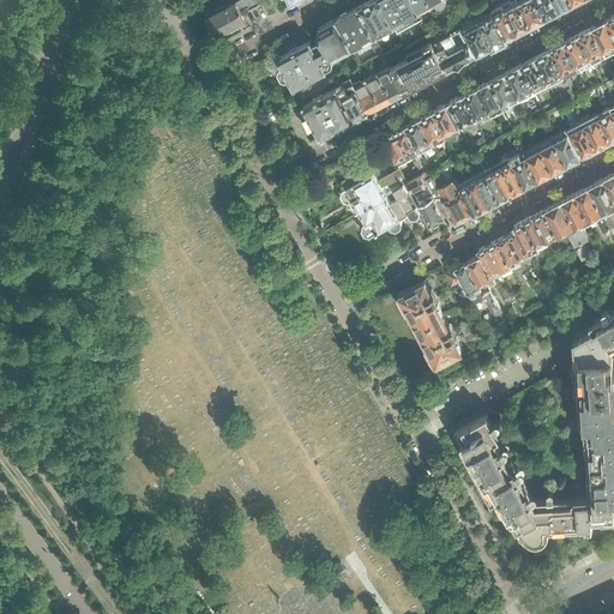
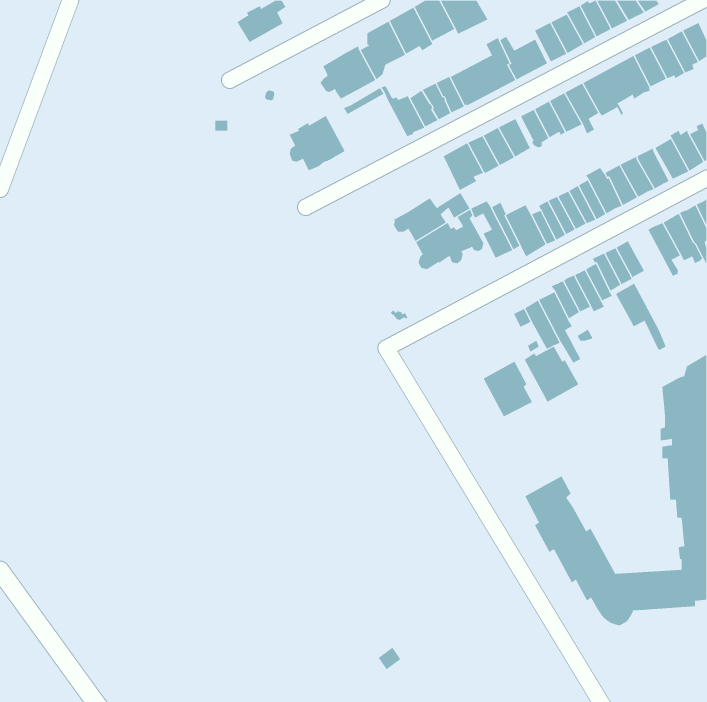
building: [303,91,353,140] -> [289,115,345,172]
building: [544,203,589,261] -> [615,283,666,351]
building: [398,283,446,332] -> [524,346,579,402]

